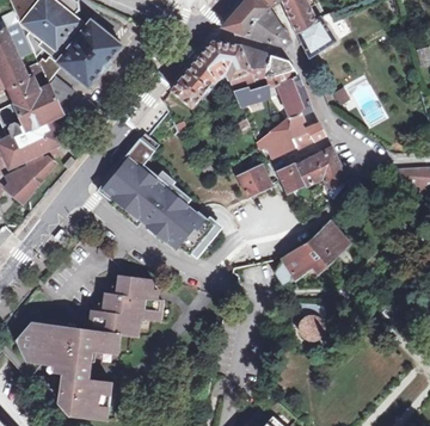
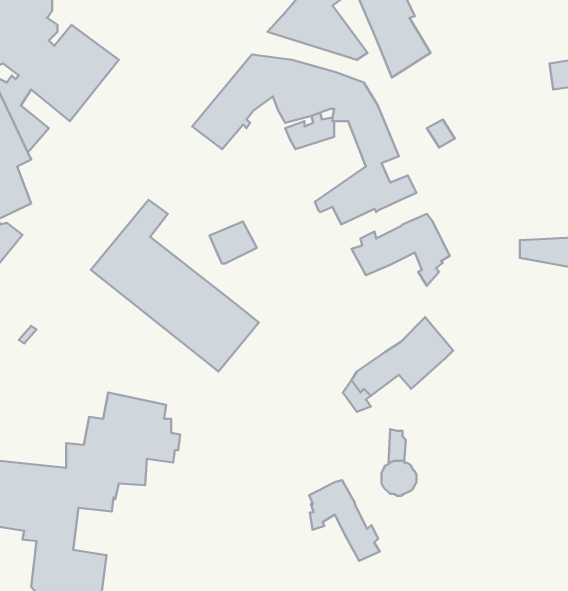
building: [238,168,270,197] -> [210,222,257,264]
building: none -> [309,480,380,561]

